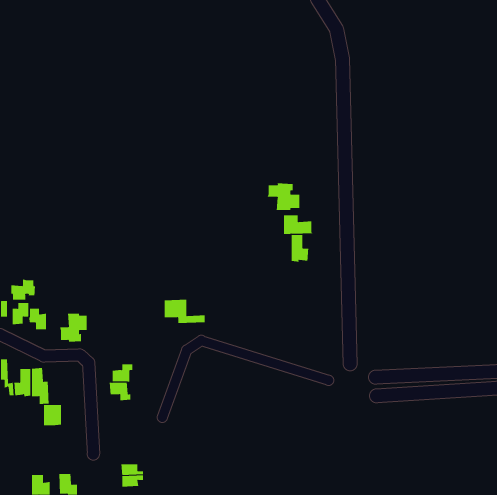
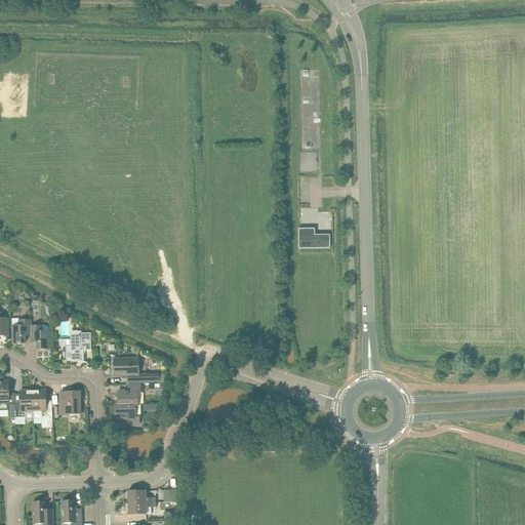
building: [267,183,300,211] -> none
building: [291,234,309,262] -> none
building: [11,279,36,301] -> none
building: [164,299,206,324] -> [114,356,158,381]
building: [43,405,62,426] -> [60,391,80,413]

